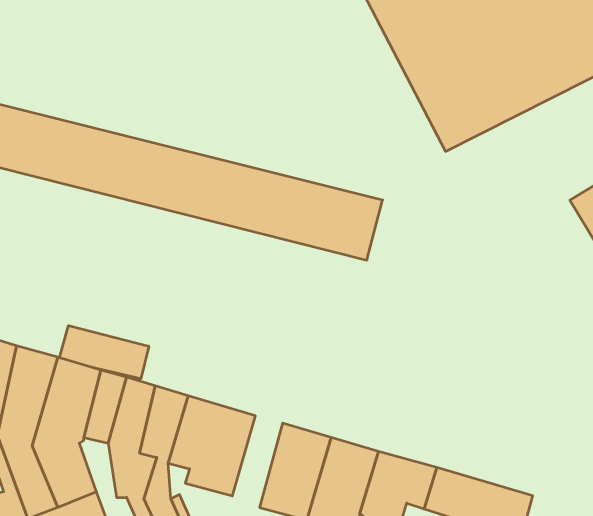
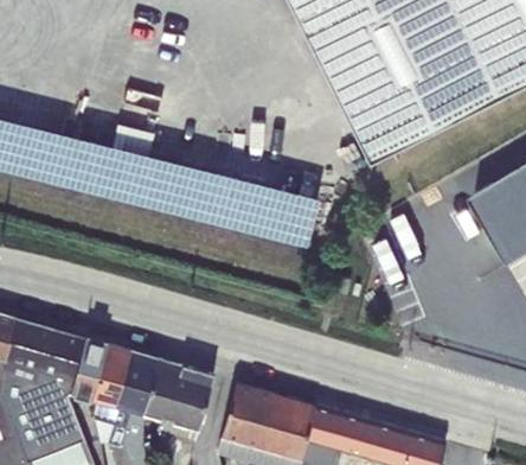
building: [60,326,149,379] -> none

